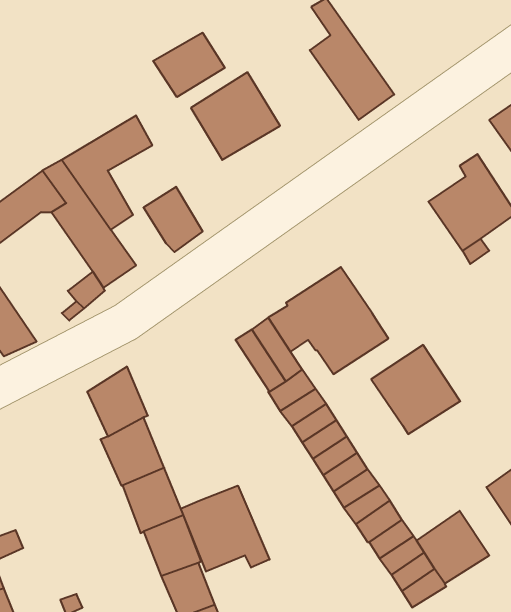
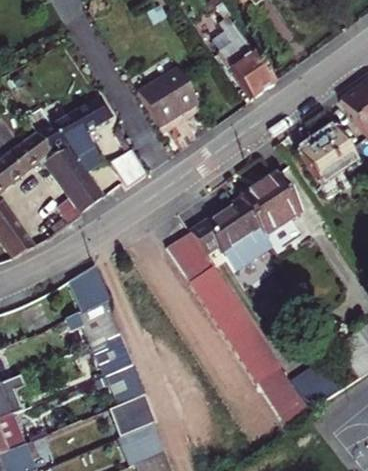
building: [153,33,225,97] -> none
building: [371,345,460,434] -> [239,173,299,233]
building: [181,486,270,572] -> none

